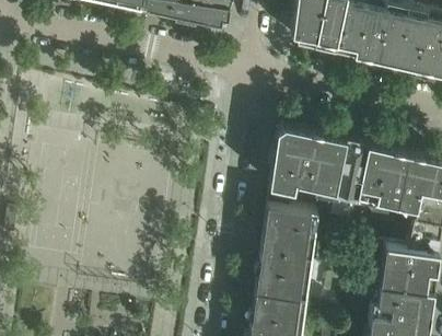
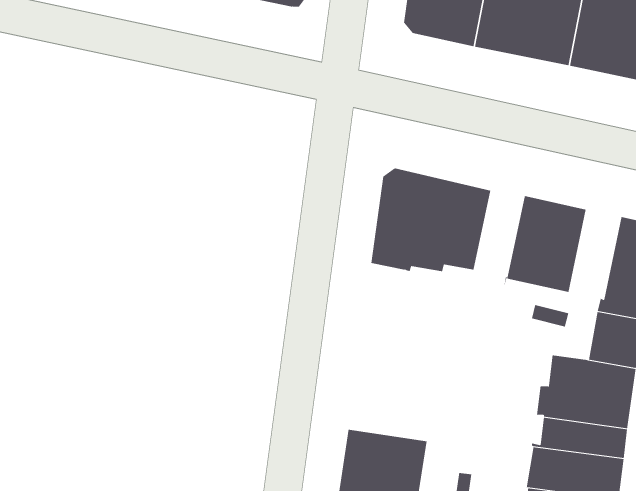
building: [334,144,367,202] -> none
building: [395,157,428,213] -> none
building: [255,190,317,303] -> none

